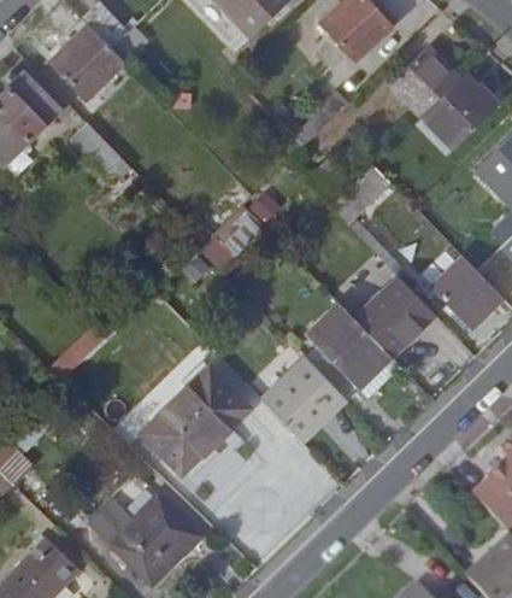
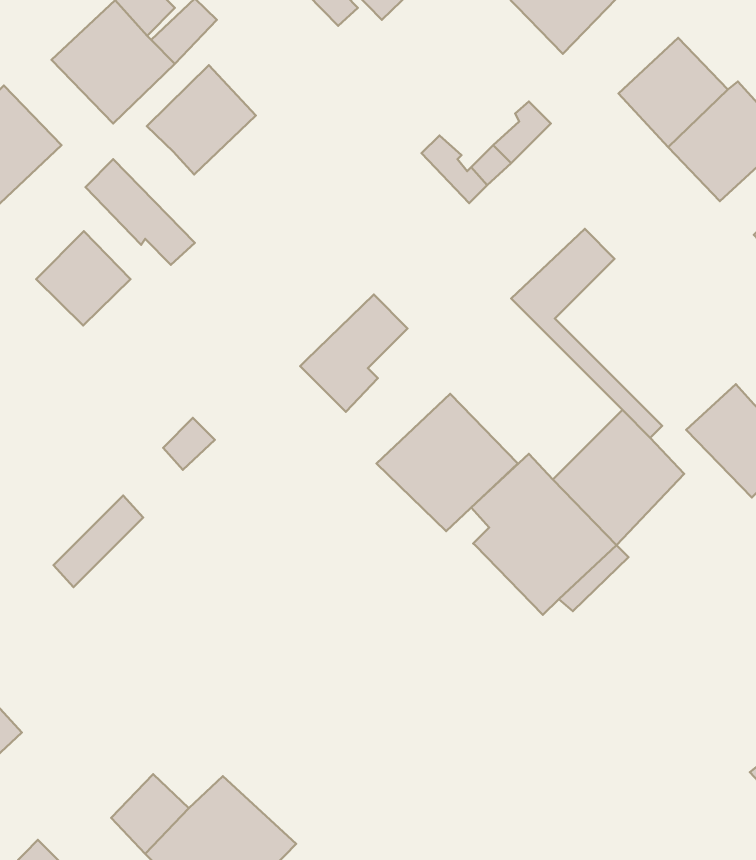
building: none -> [147,65,256,175]
building: none -> [36,231,130,326]
building: [263,356,348,439] -> [377,394,518,531]
building: [143,358,252,487] -> none

